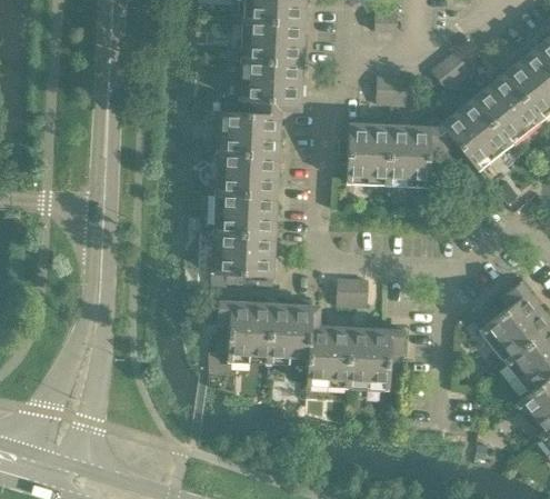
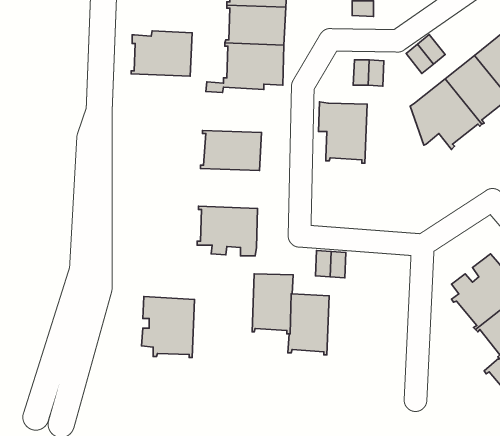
building: [217,107,281,154] -> [131,31,192,76]
building: [388,124,450,189] -> none
building: [212,192,277,234] -> none
building: [216,300,271,365] -> [142,296,194,358]
building: [348,327,403,391] -> none

